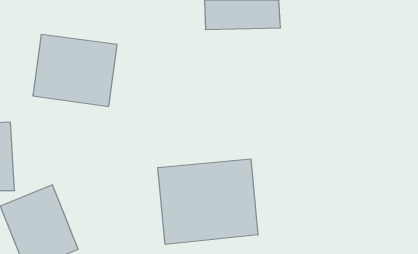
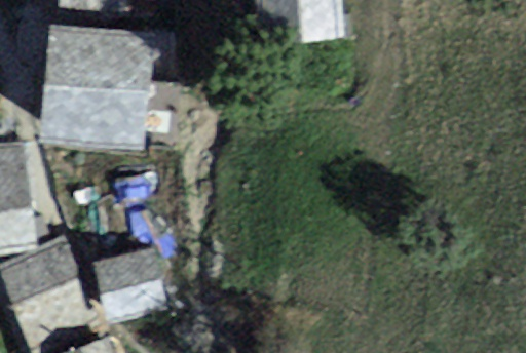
building: [158,159,258,244] -> none
building: none -> [93,248,165,315]

